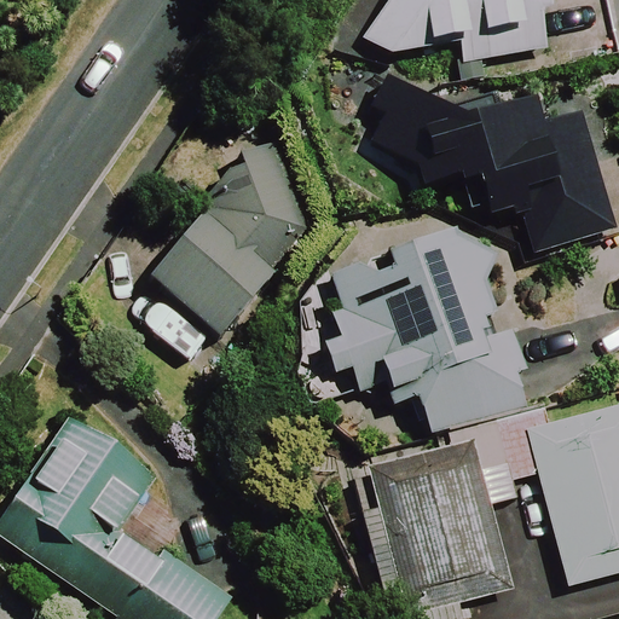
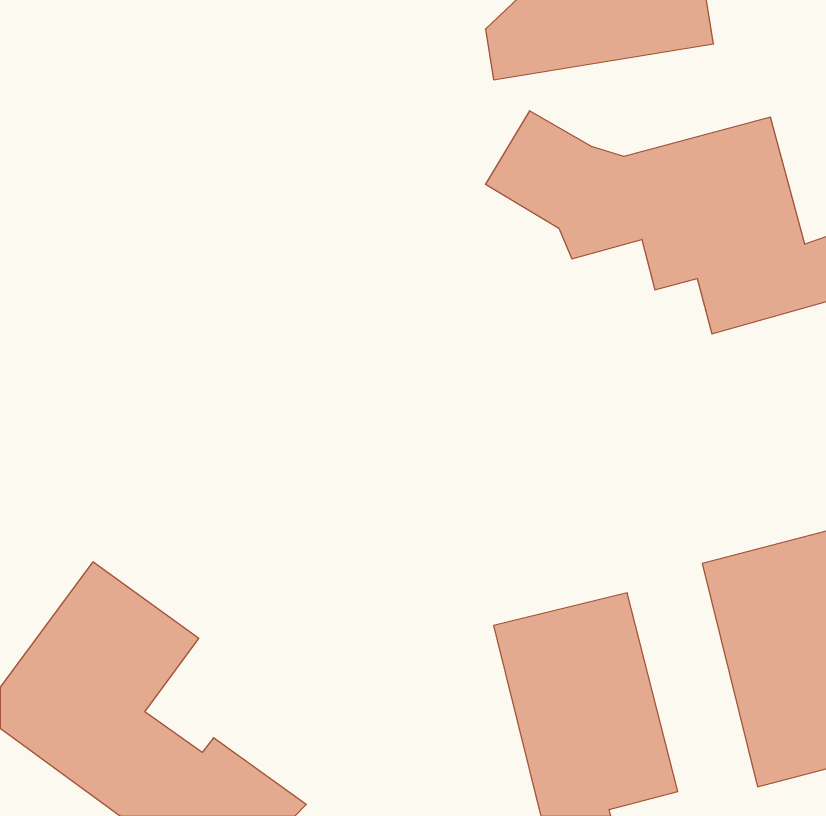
building: [150,149,312,335] -> none
building: [324,233,532,410] -> none

